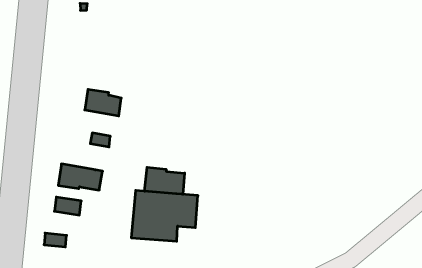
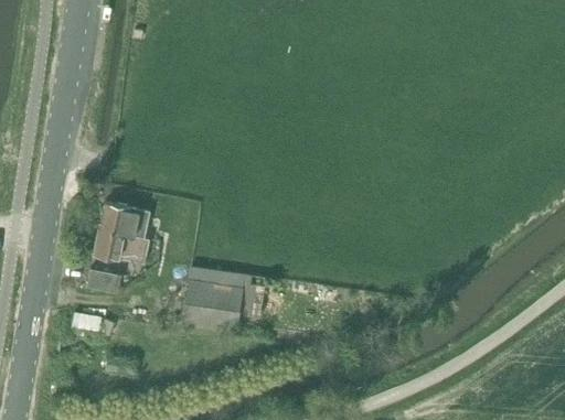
building: [85,89,121,116] -> [99,203,146,238]
building: [145,167,185,194] -> none

